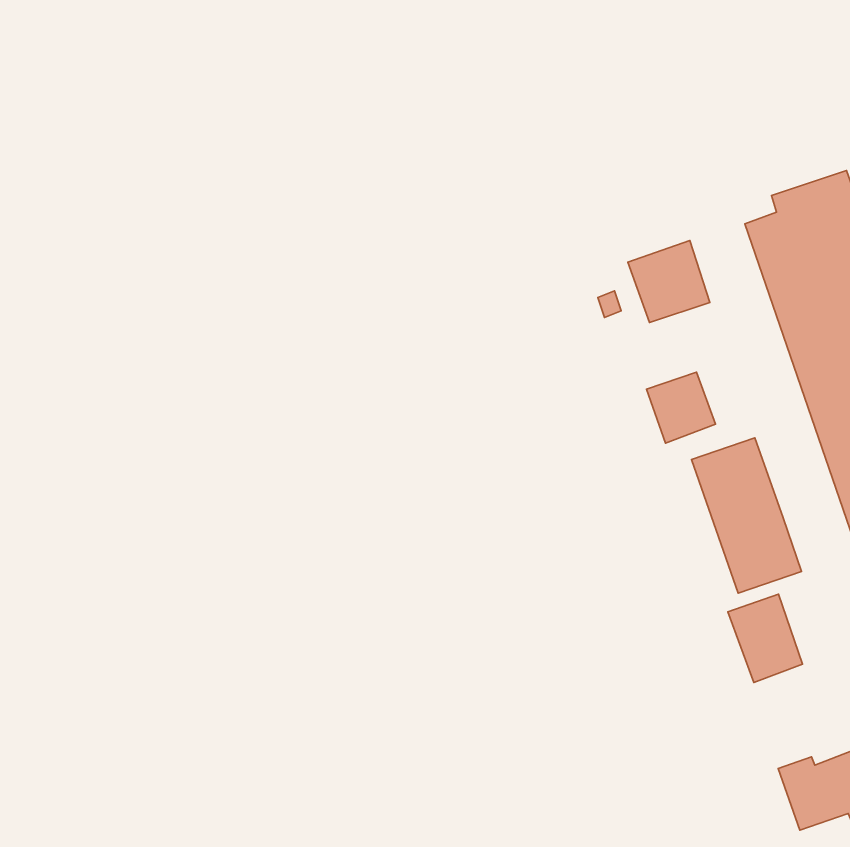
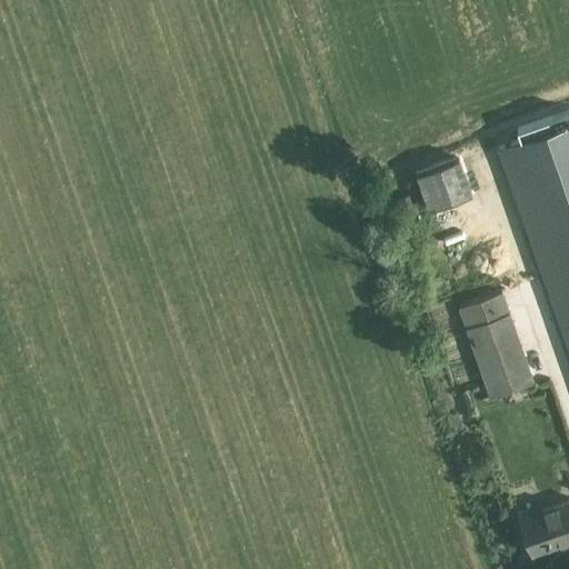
building: [646,372,716,443] -> none
building: [728,594,802,682] -> none

